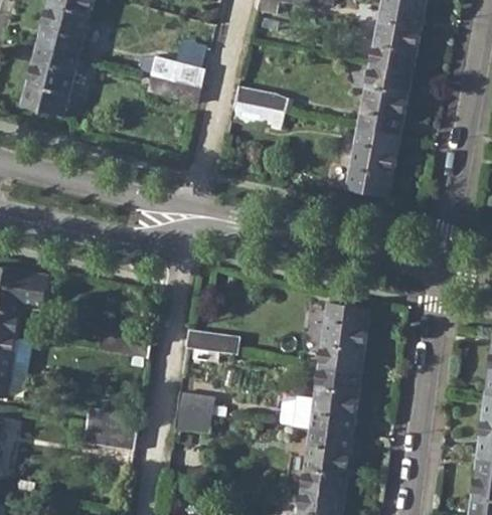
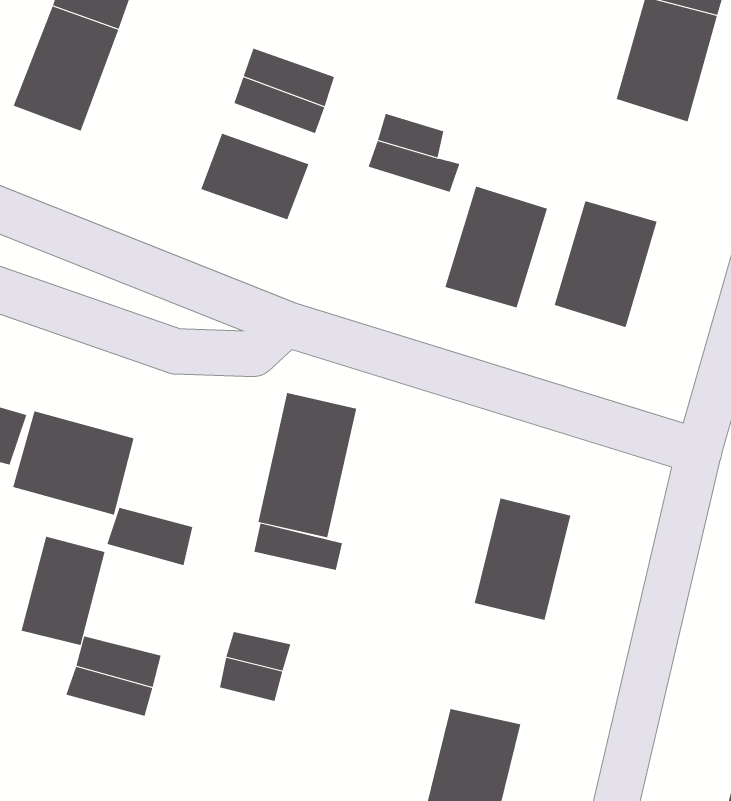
building: [358,64,414,133] -> [445,186,548,308]
building: none -> [201,133,309,220]
building: none -> [258,392,357,538]
building: none -> [13,410,134,516]
building: none -> [21,536,105,646]
building: [294,364,359,432] -> none

